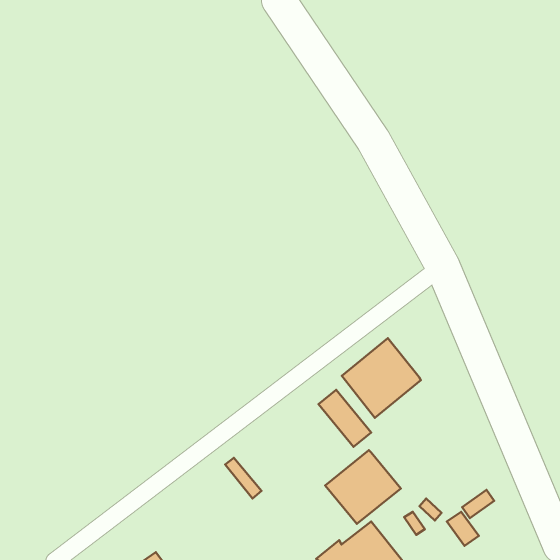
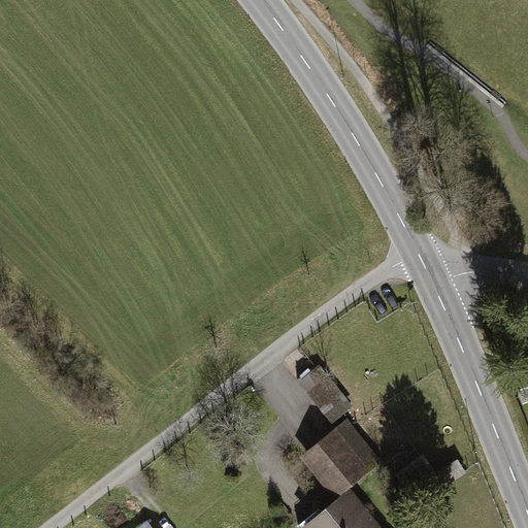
building: [342,338,421,418] -> none

